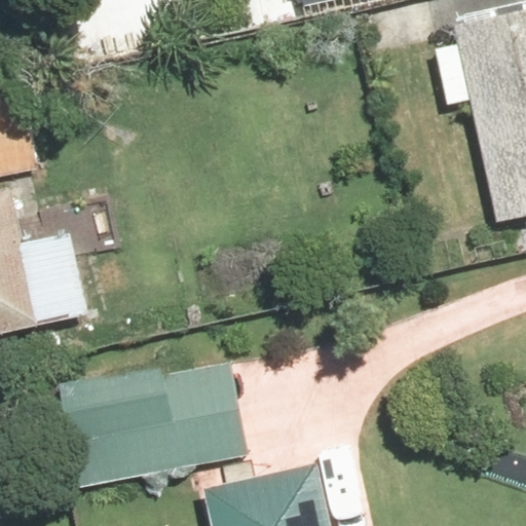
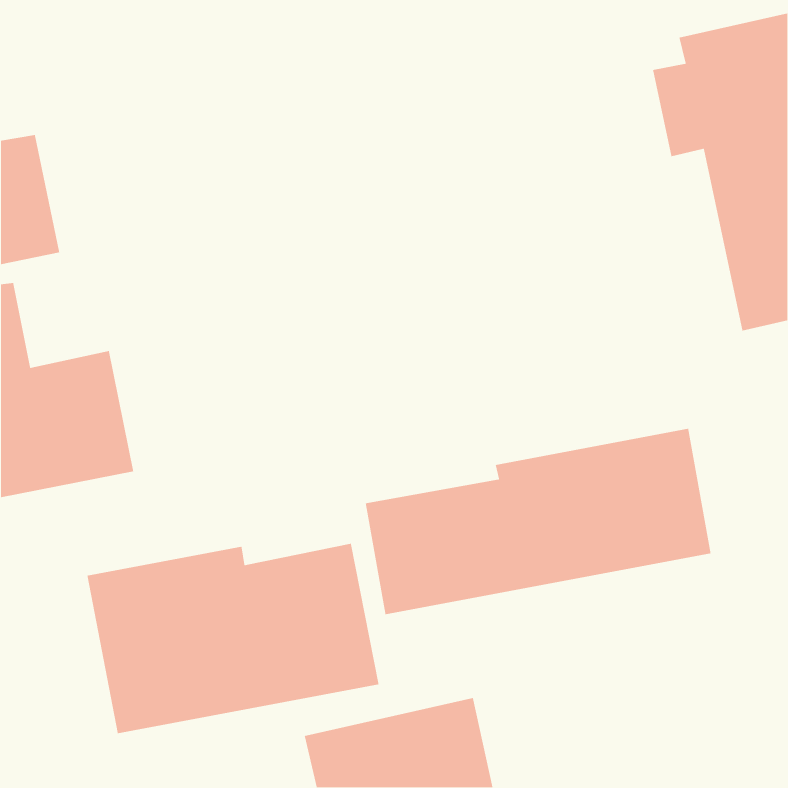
building: none -> [365,428,712,615]

